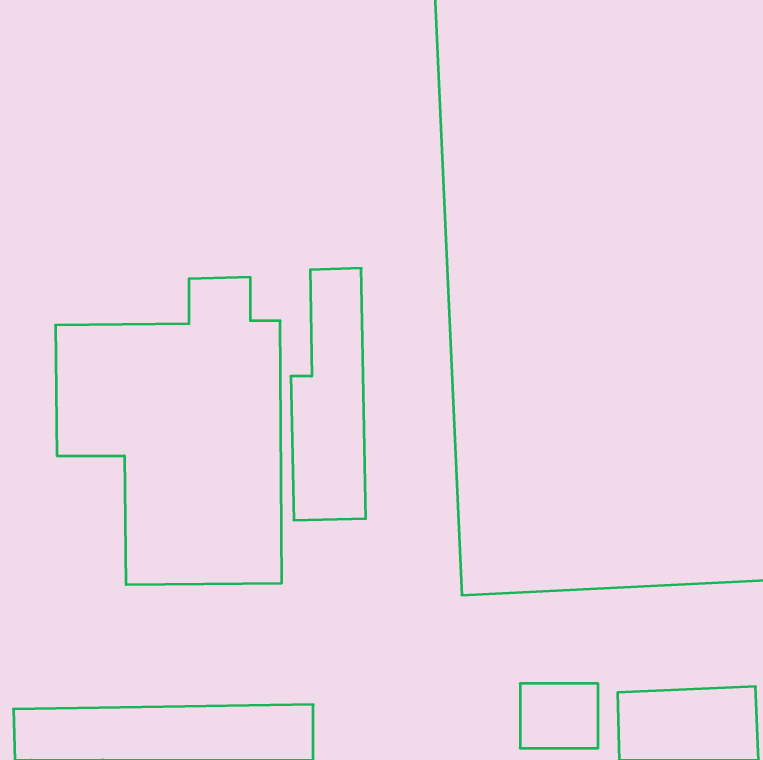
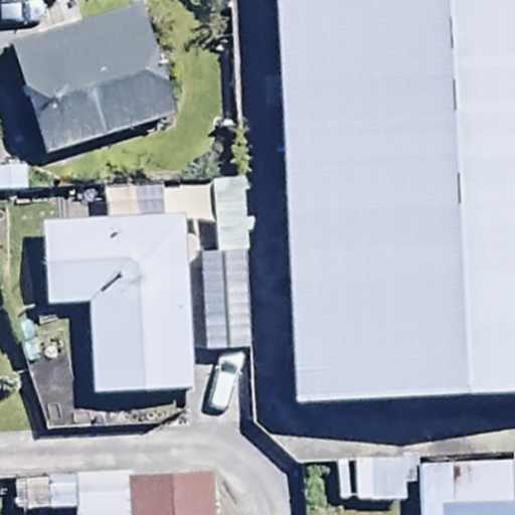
building: none -> [9,4,174,157]

